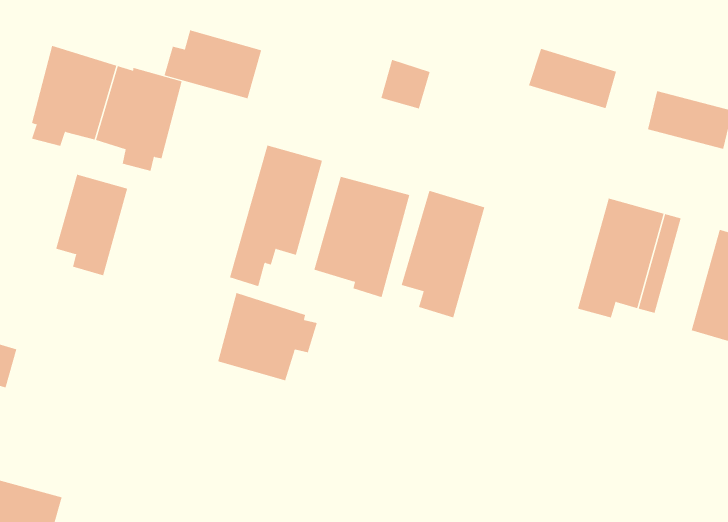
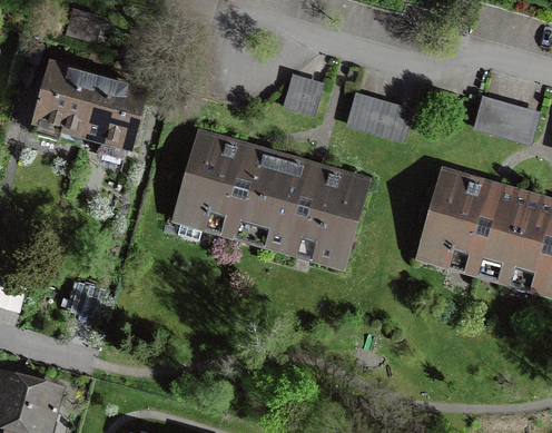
building: [164,30,262,99] -> none
building: [528,48,617,109] -> [346,96,410,139]
building: [56,174,128,276] -> none
building: none -> [479,190,525,270]
building: [217,292,318,381] -> none

